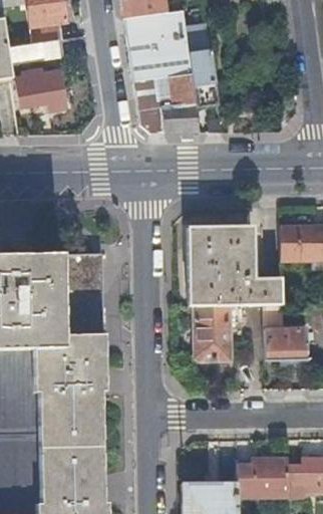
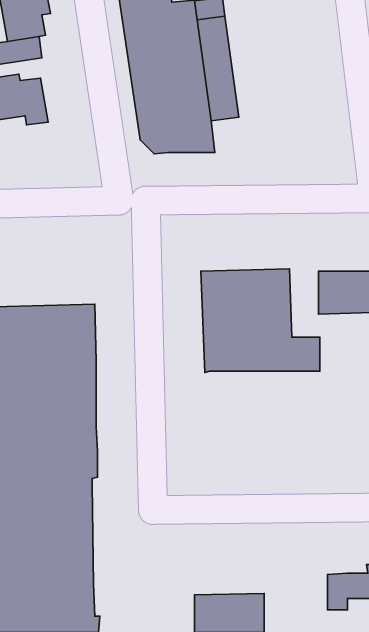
building: [193,305,239,359] -> none
building: [262,328,306,359] -> none
building: [236,459,286,495] -> none

